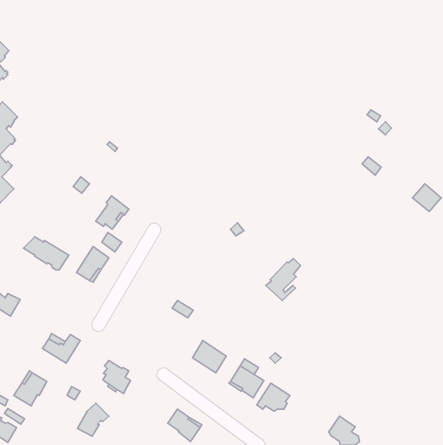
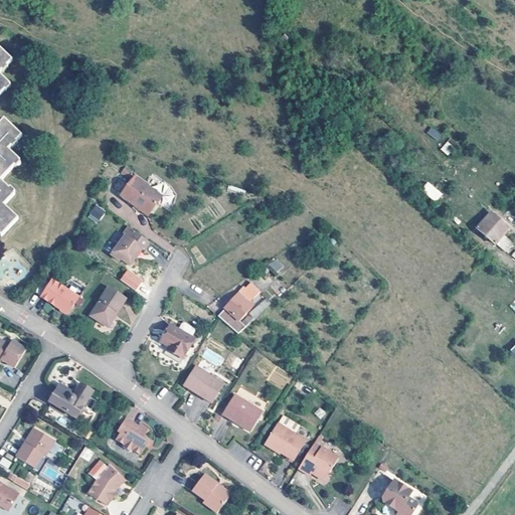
building: none -> [121,175,162,214]
building: [266,259,301,300] -> [219,284,260,332]
building: none -> [161,323,195,358]
building: none -> [184,365,223,403]

